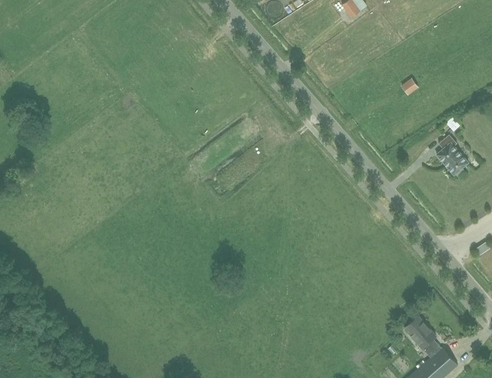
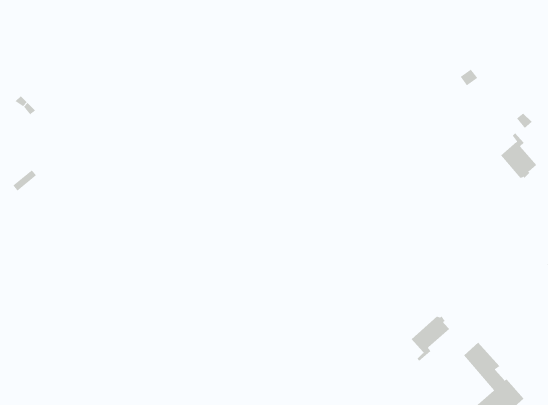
building: none -> [411,316,450,362]

